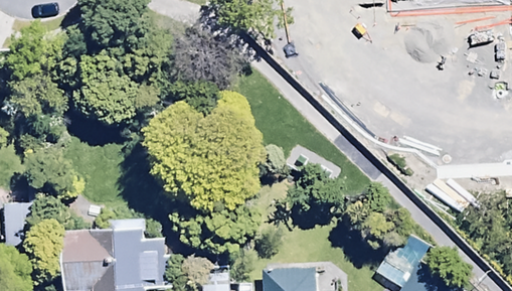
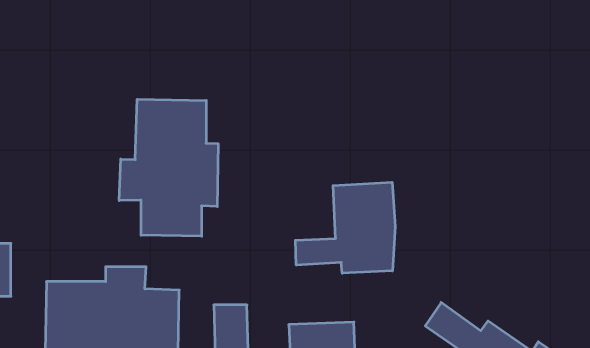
building: none -> [119,99,218,236]
building: none -> [295,182,395,273]

